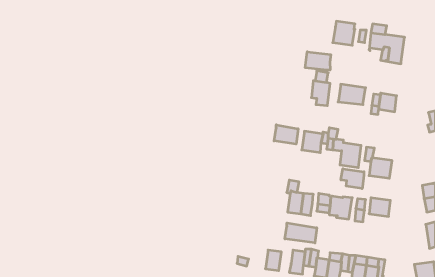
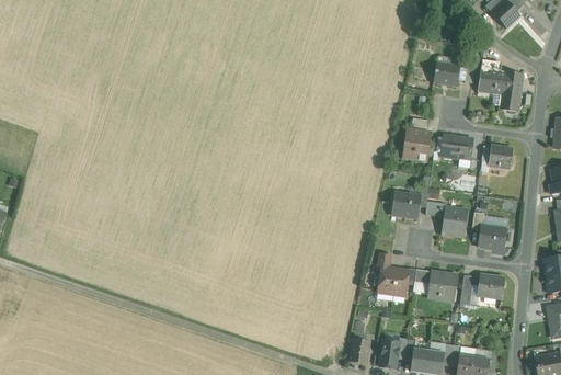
building: [305,52,331,70] -> none
building: [274,125,298,144] -> none
building: [341,169,364,189] -> none
building: [285,223,317,243] -> none

